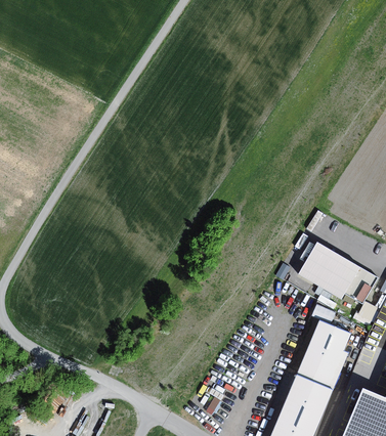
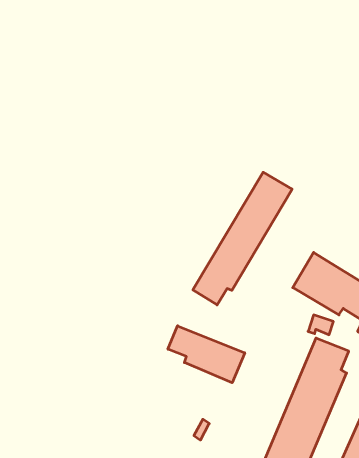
building: none -> [193,172,292,305]
building: none -> [168,326,245,383]

